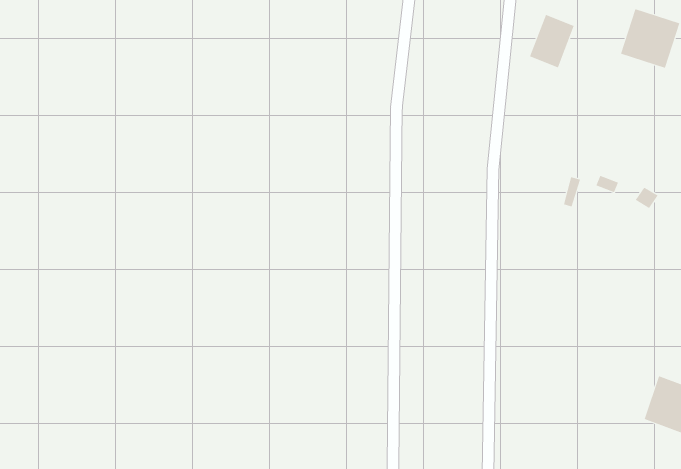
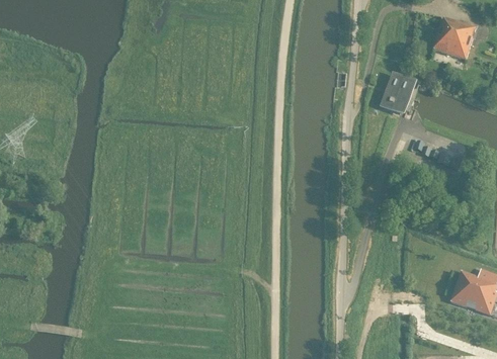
building: [529,14,575,68] -> [382,77,413,114]

